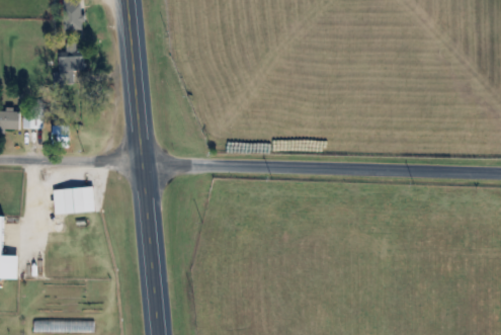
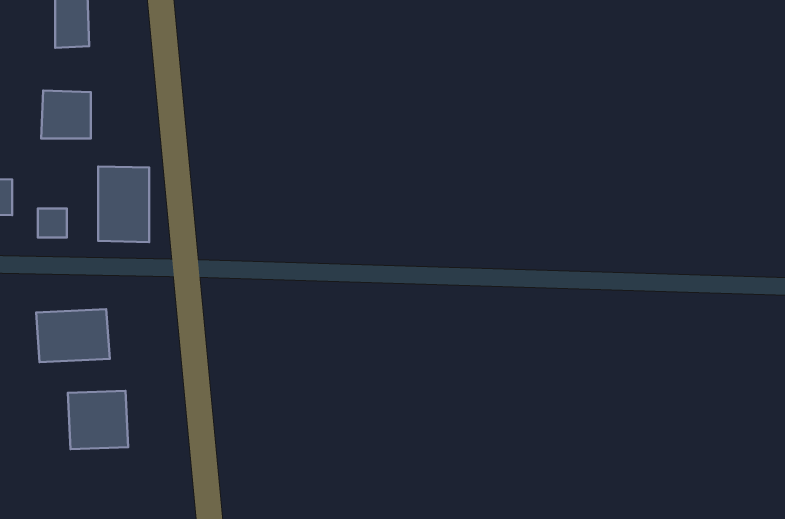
building: none -> [98,167,149,242]
building: none -> [68,391,128,449]

